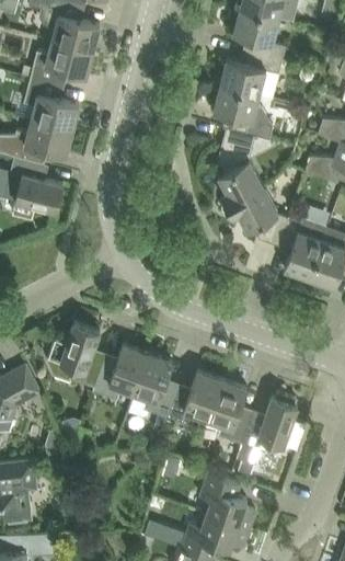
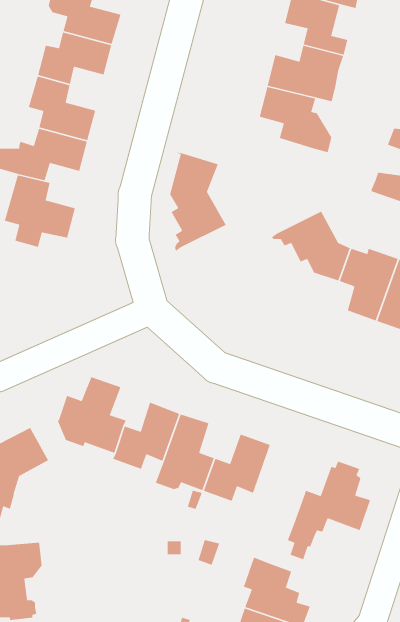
building: [217,127,264,209] -> [169,152,227,252]
building: [208,379,251,444] -> none

